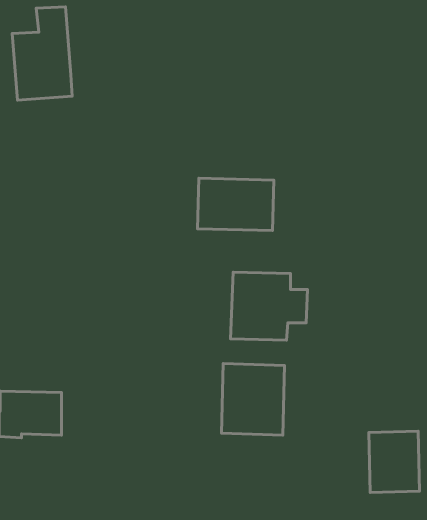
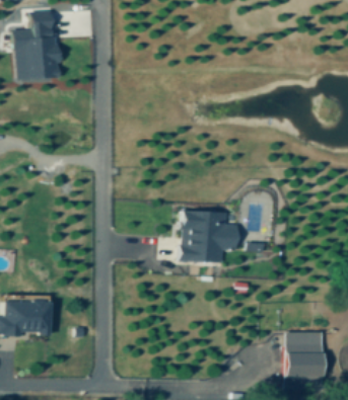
building: [197,178,274,231] -> none
building: [221,364,284,435] -> none

